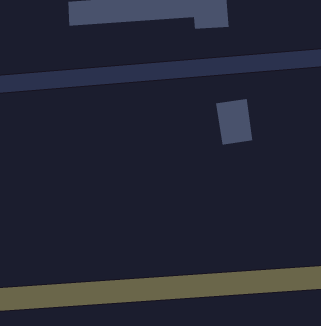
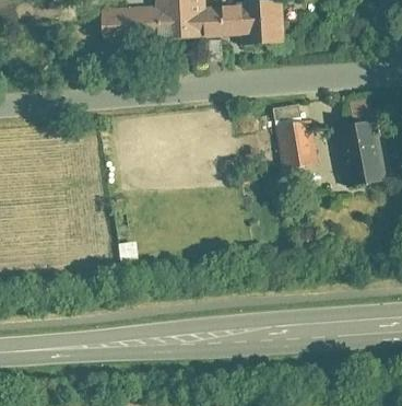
building: none -> [335,123,385,188]

